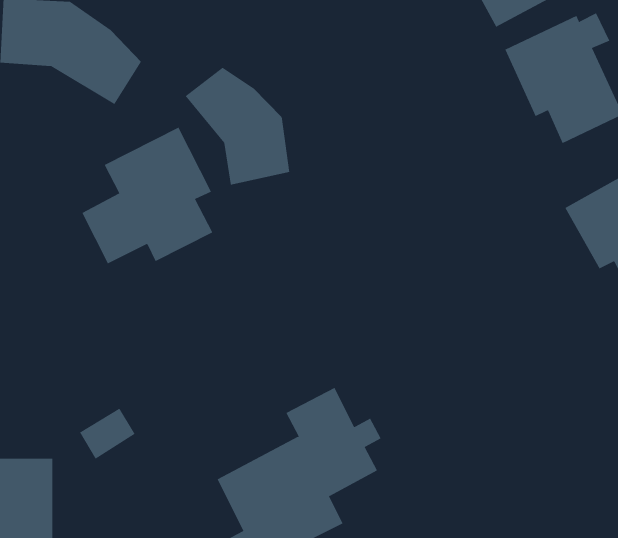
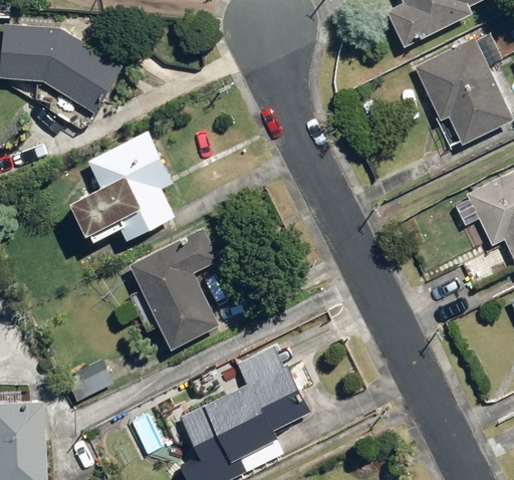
building: [185,67,290,185] -> none
building: none -> [130,229,219,350]

